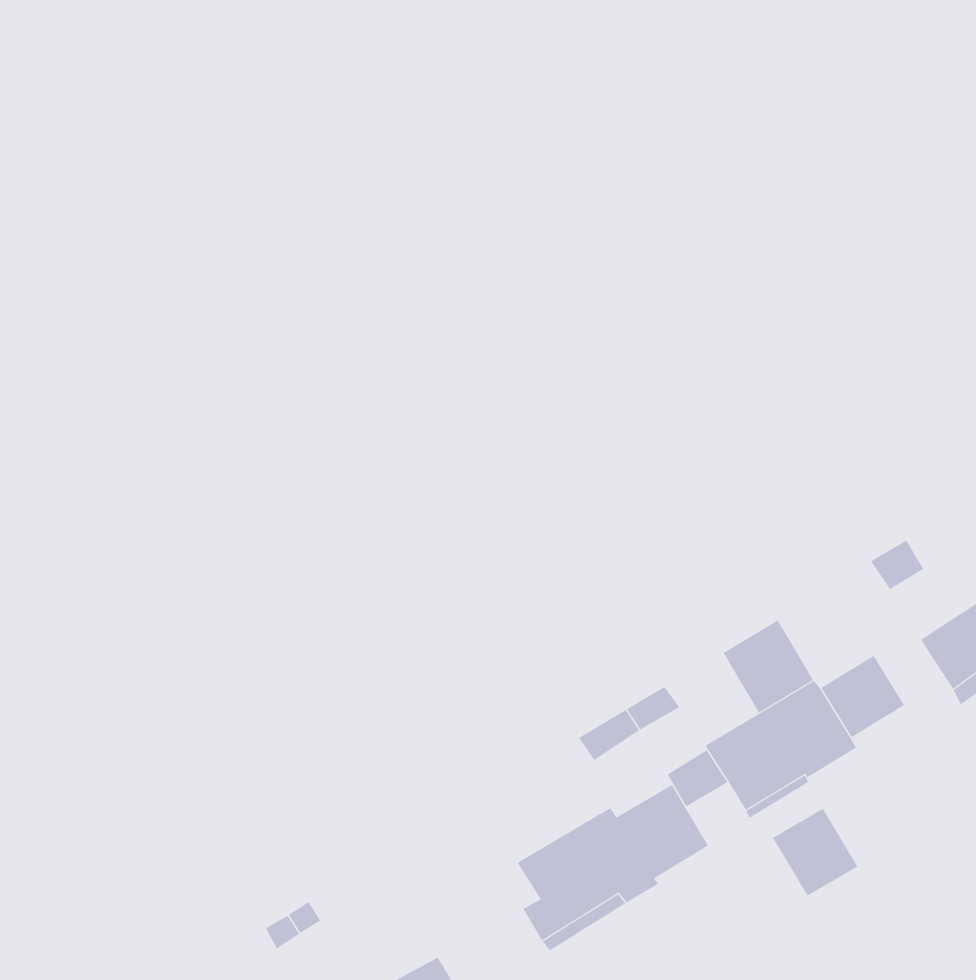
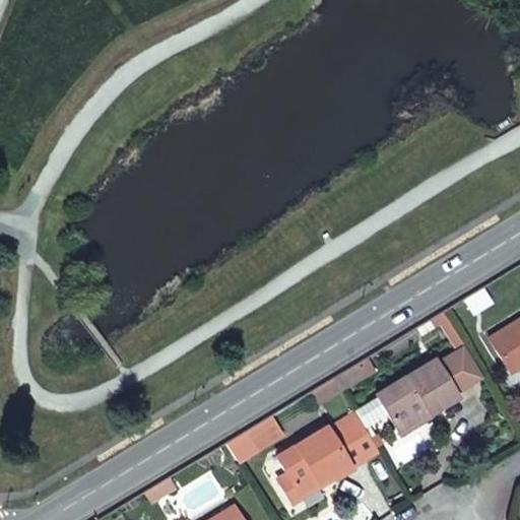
building: [723,620,814,713] -> none
building: [772,808,858,897] -> none

